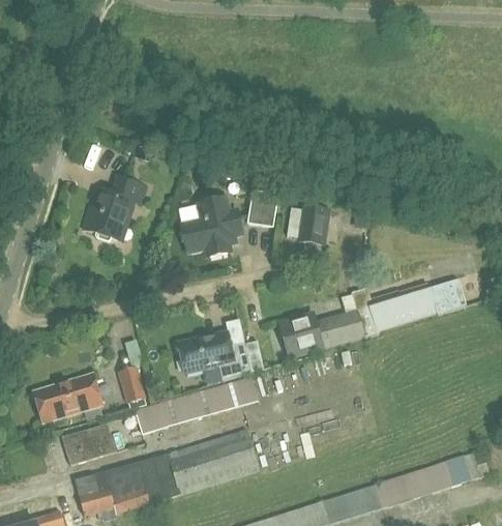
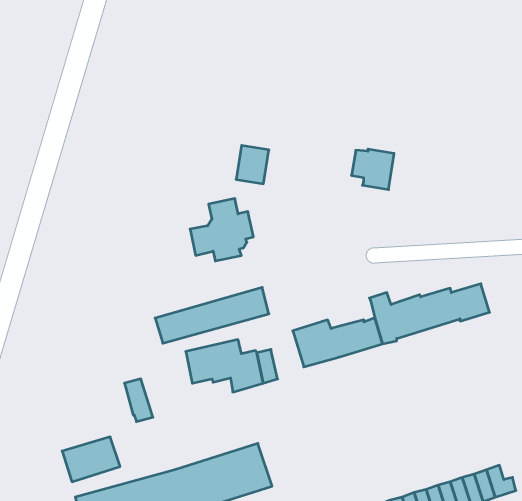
building: [83,178,145,241] -> none
building: [246,189,277,226] -> [236,145,269,184]
building: [287,205,327,243] -> [351,149,394,190]
building: [33,374,101,422] -> none
building: [135,380,242,433] -> [155,287,269,343]

